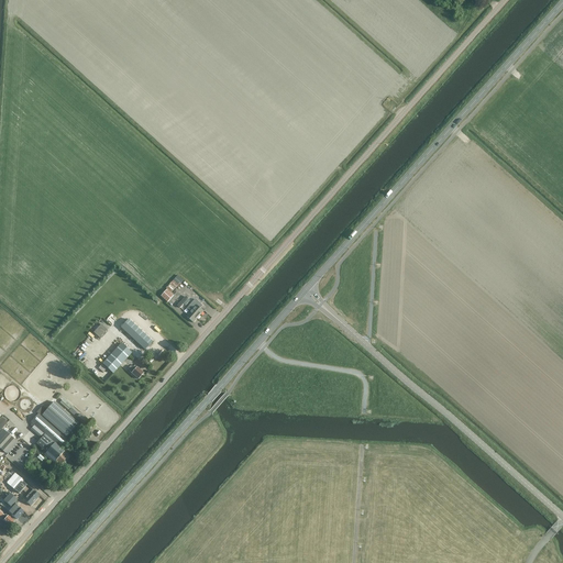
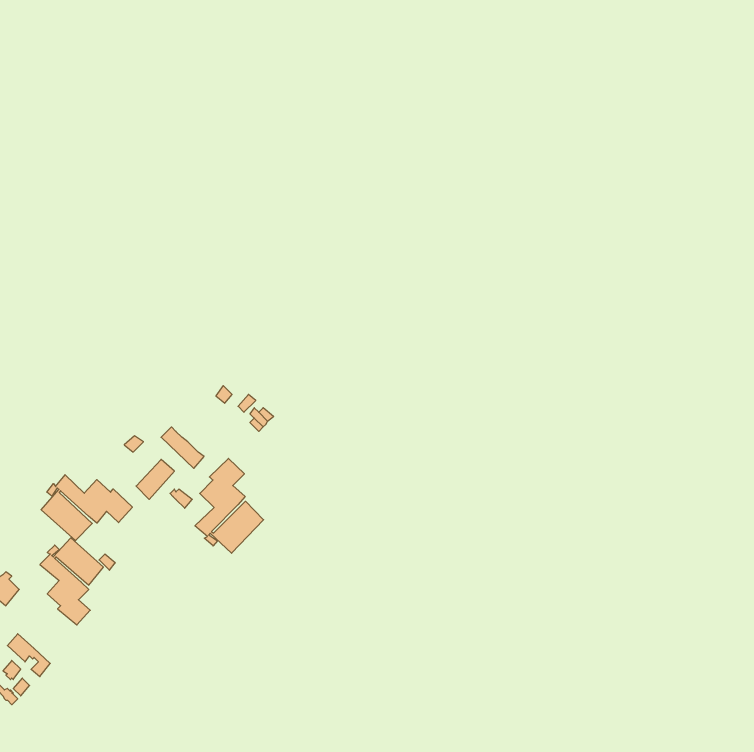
building: none -> [195,458,264,553]
building: none -> [41,475,132,541]

